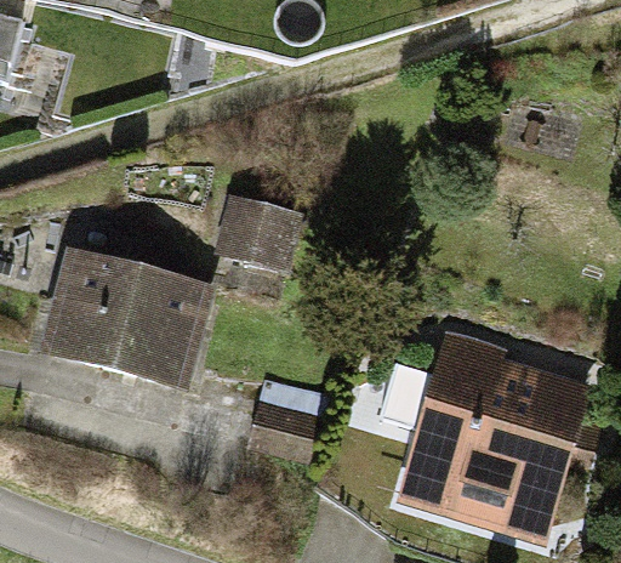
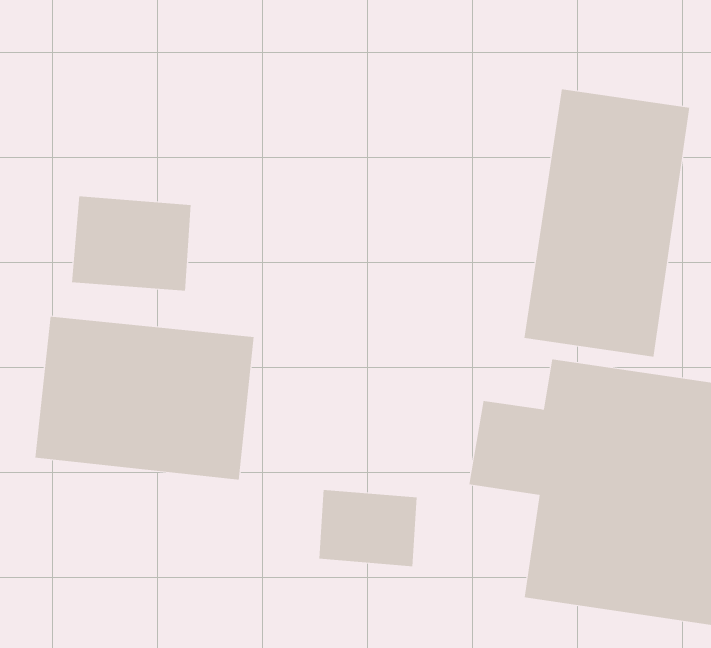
building: none -> [524,89,690,357]
building: [210,189,306,269] -> [71,196,191,291]

